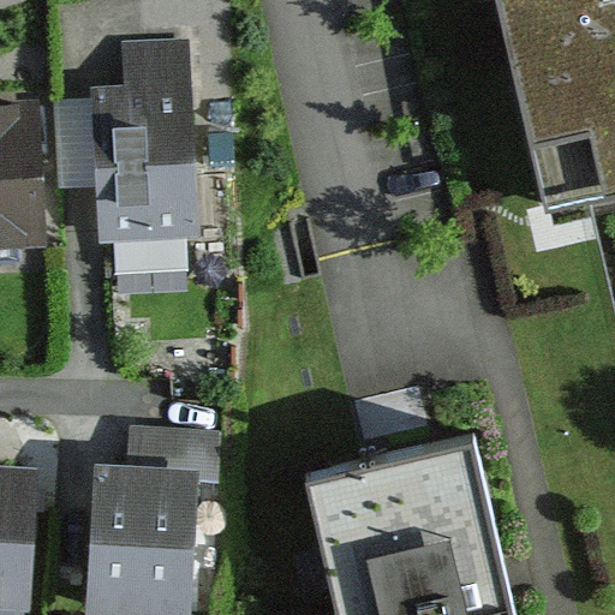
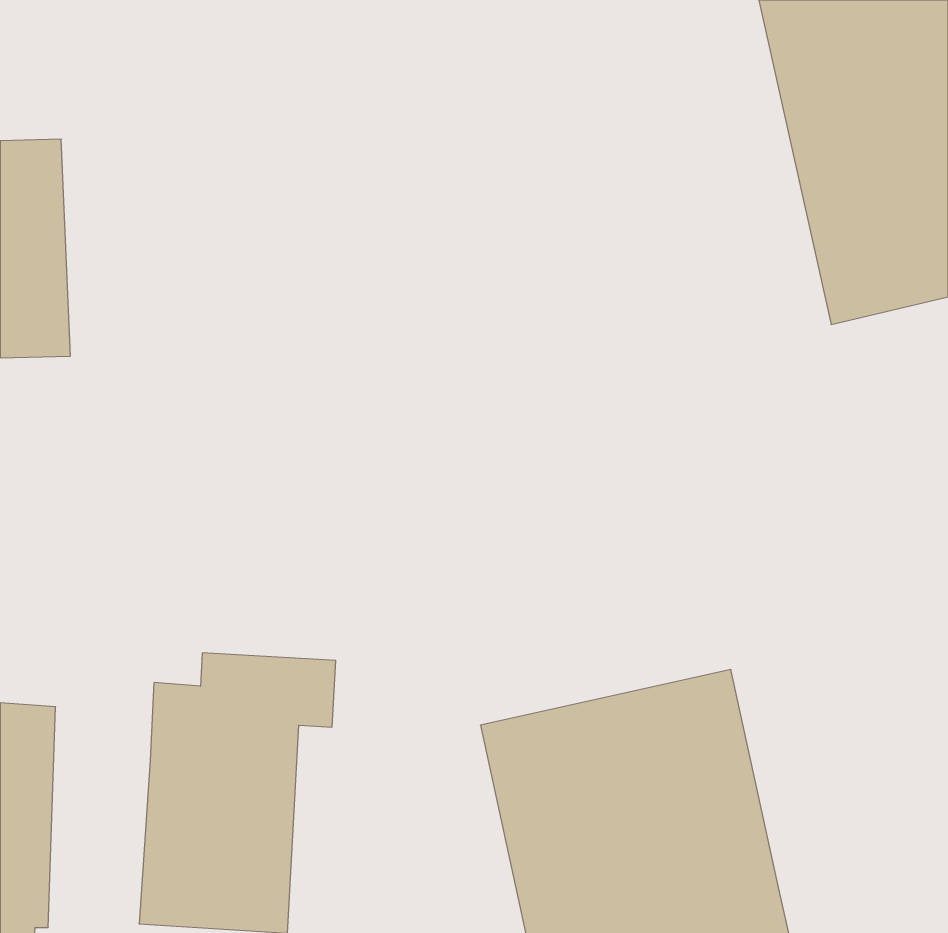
building: [56,44,207,244] -> none

